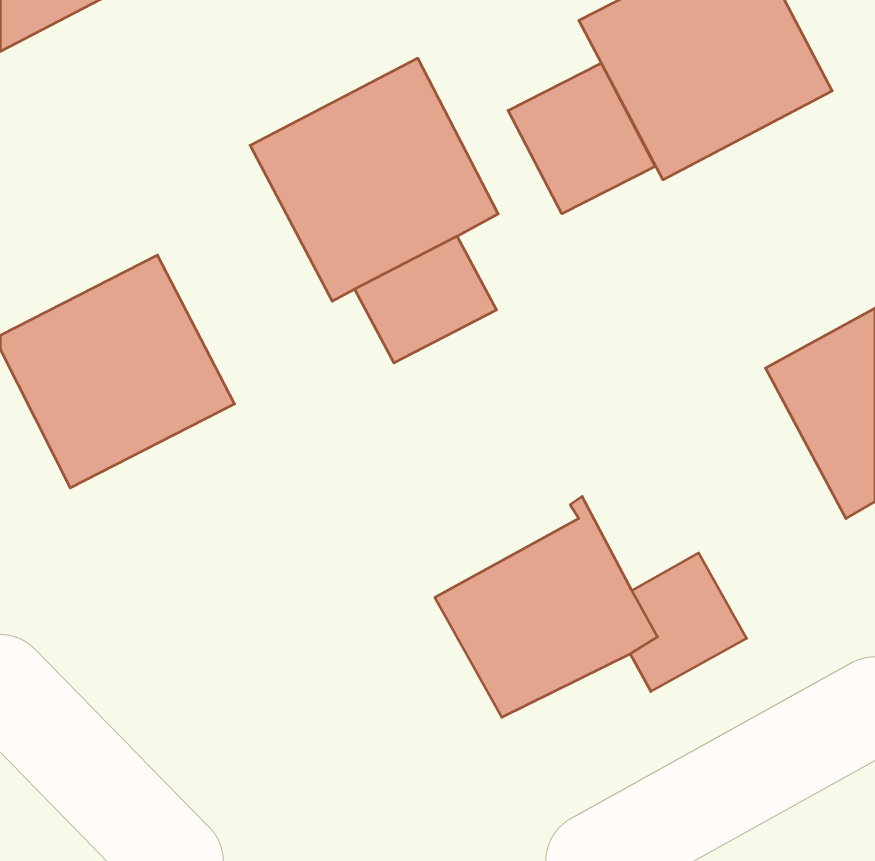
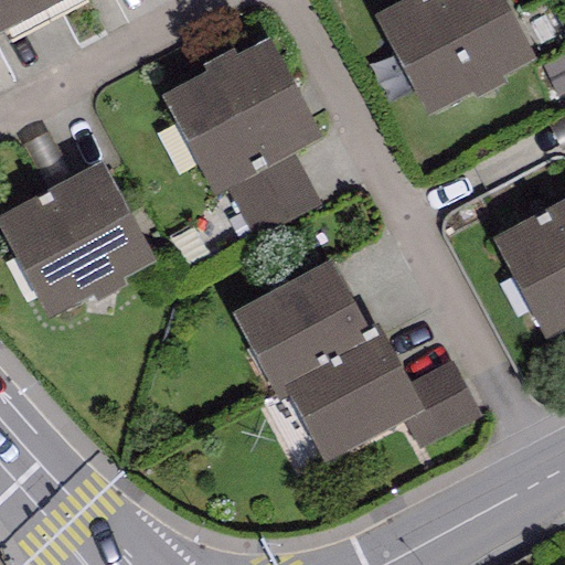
building: [508,63,655,214] -> none
building: none -> [232,257,373,398]

